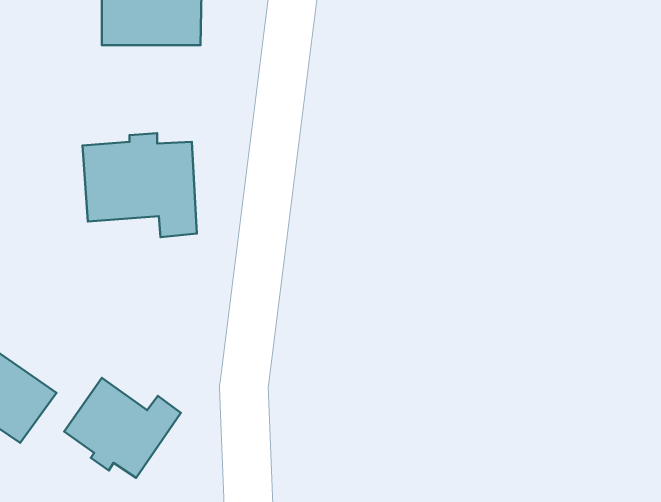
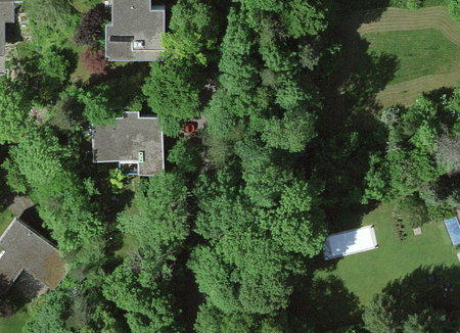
building: [64,378,181,478] -> none

